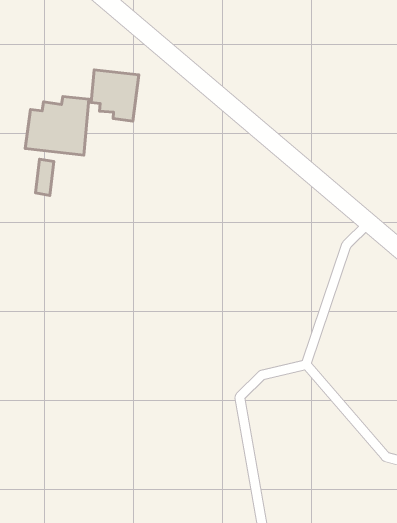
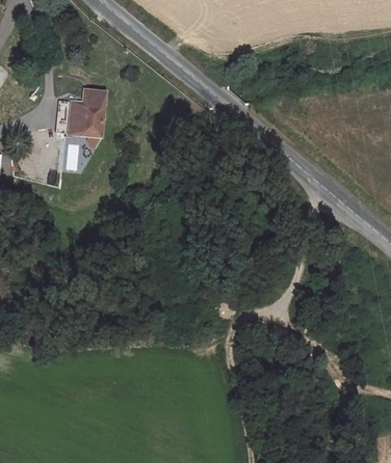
building: [91,70,139,121] -> none

